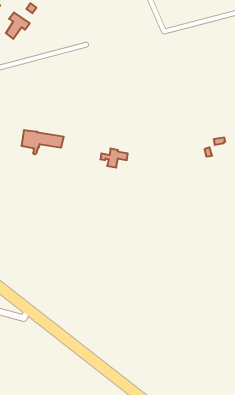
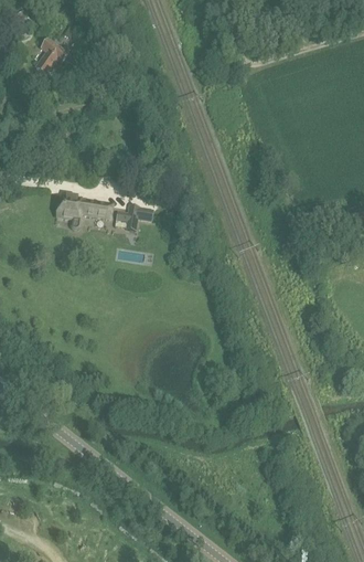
building: [100,148,128,168] -> [116,205,152,231]

